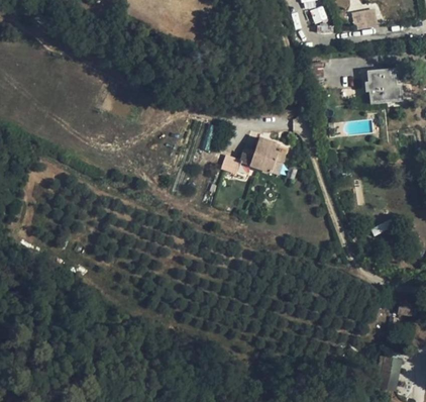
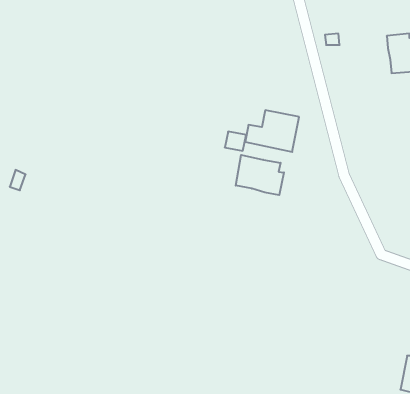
building: none -> [236,155,284,195]

